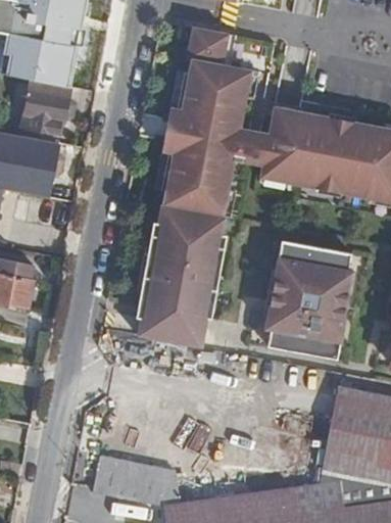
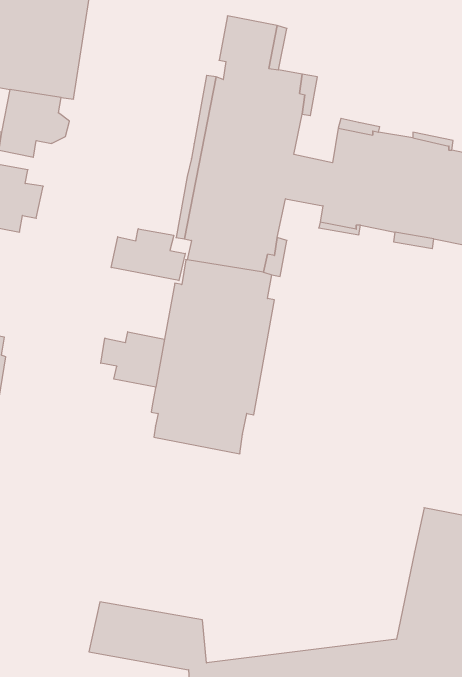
building: none -> [111,229,185,281]
building: [265,239,353,358] -> none
building: none -> [101,332,165,387]

